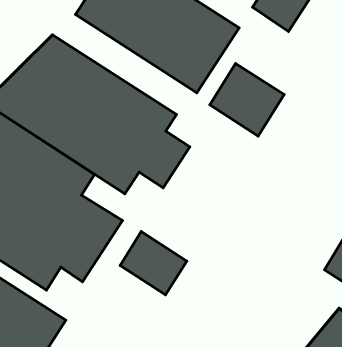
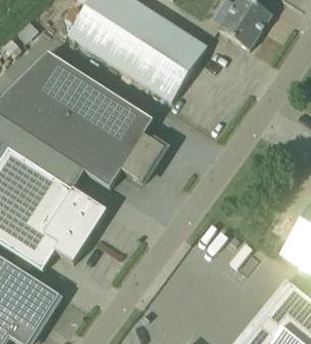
building: [210,63,284,136] -> none
building: [120,232,187,295] -> none

